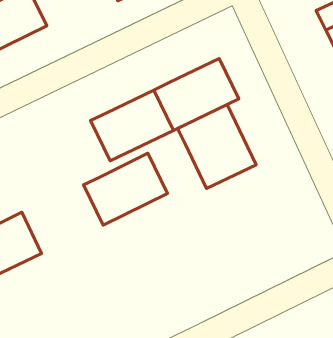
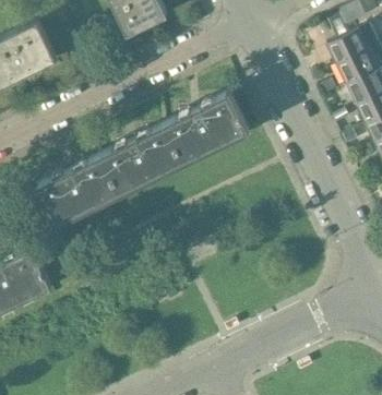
building: [178,105,256,189] -> none
building: [83,153,167,225] -> [36,155,120,227]

